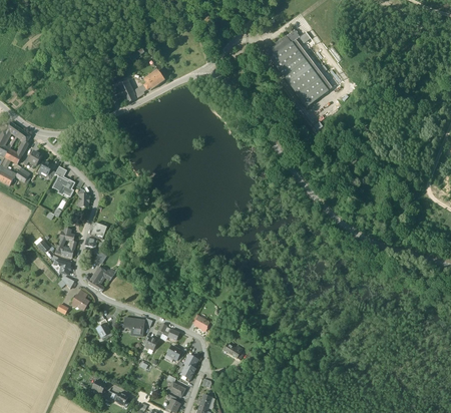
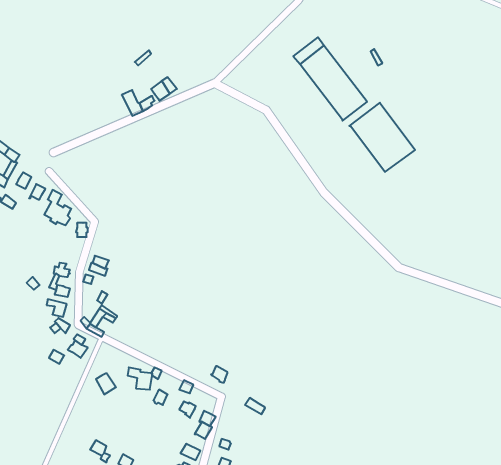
building: none -> [349,103,415,172]

